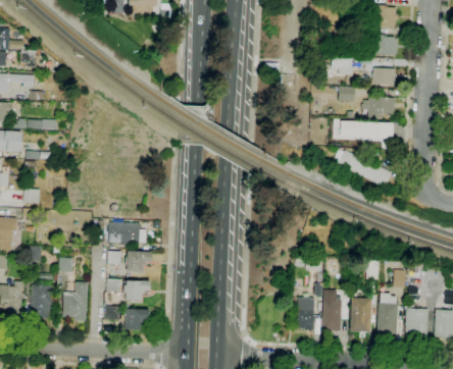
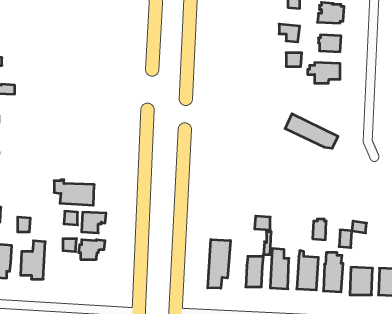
building: [341,120,394,140] -> none
building: none -> [208,239,230,288]
building: [106,307,149,330] -> none

